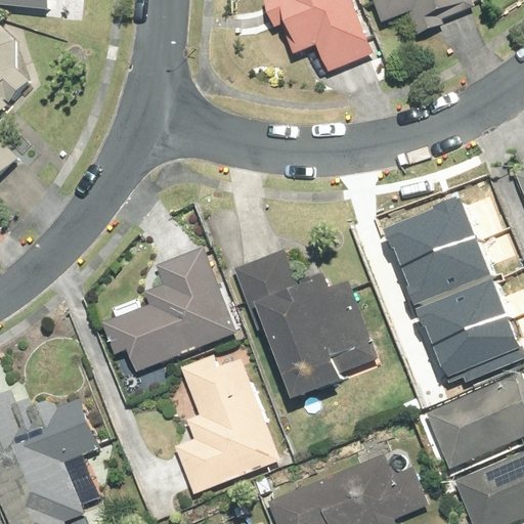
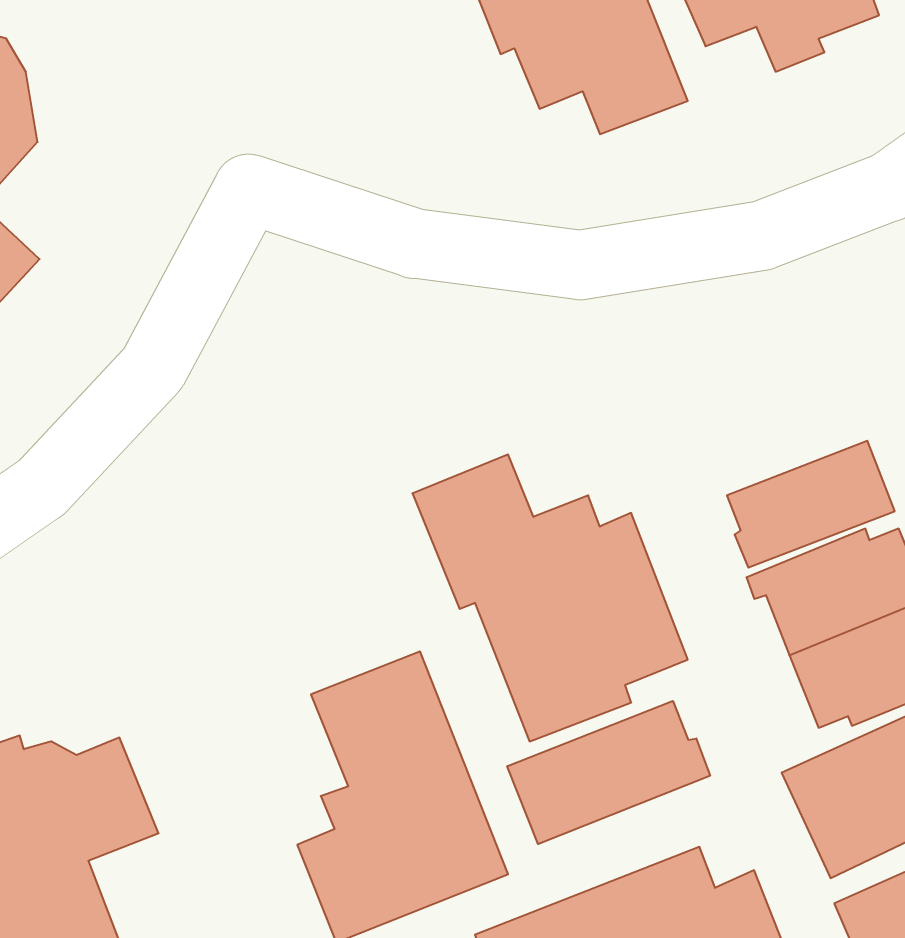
building: [380,201,472,267] -> none
building: [101,246,235,367] -> none
building: none -> [507,701,710,844]

